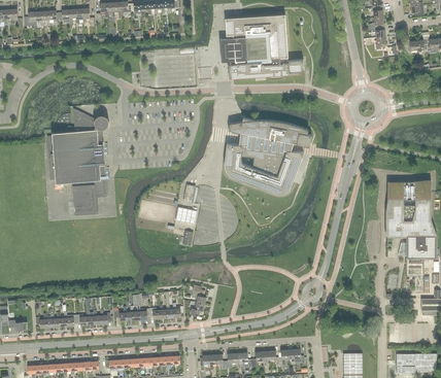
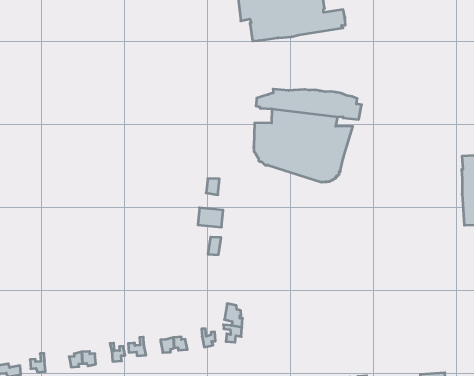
building: [46,105,108,215] -> none

